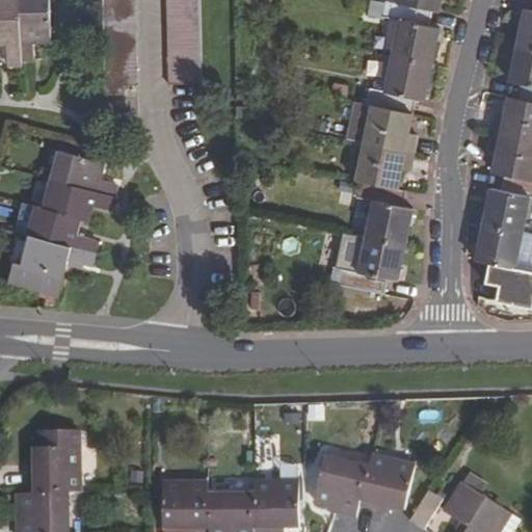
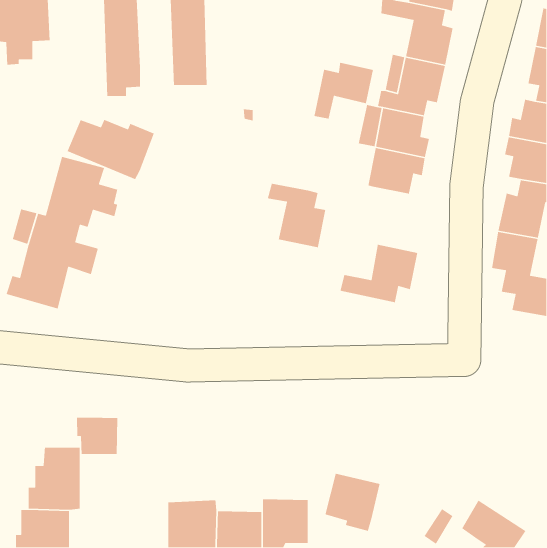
building: none -> [313,62,374,119]
building: none -> [67,119,155,180]
building: [354,181,411,244] -> [267,183,326,248]
building: none -> [76,417,118,455]
building: [360,454,416,509] -> none

